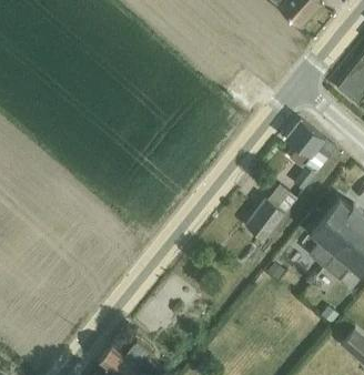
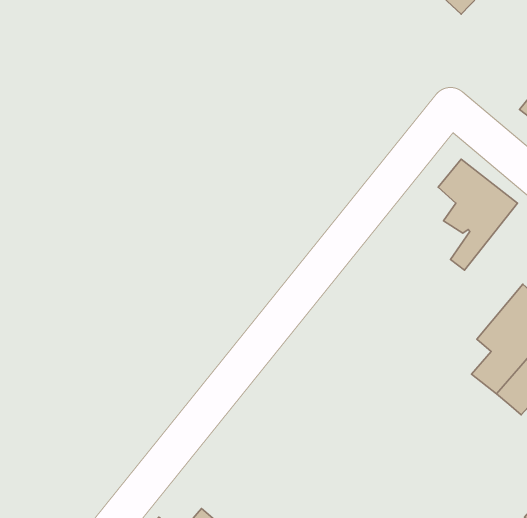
building: [244,185,299,241] -> none

